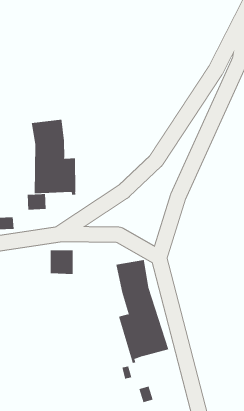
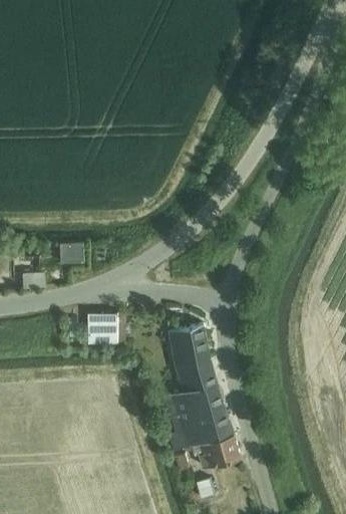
building: [31,119,76,196] -> none
building: none -> [198,433,240,467]

